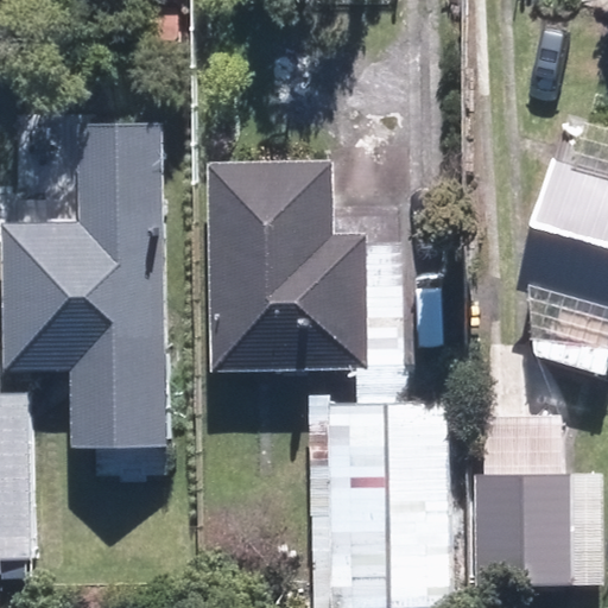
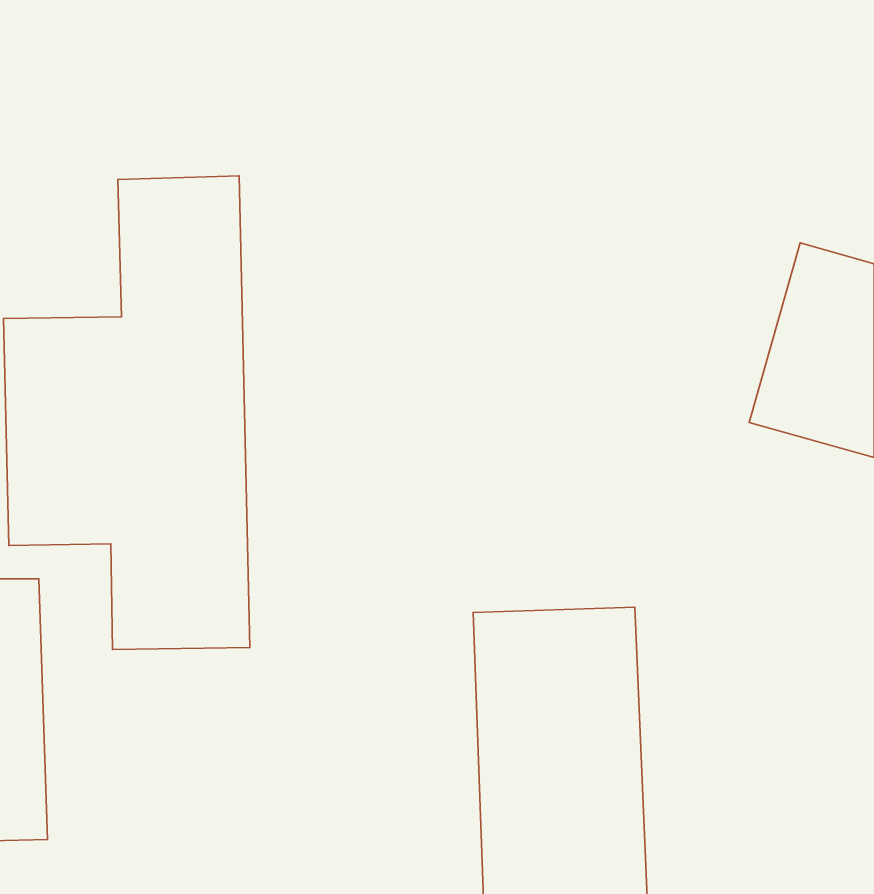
building: [214,162,362,363] -> none
building: [460,481,555,590] -> none

